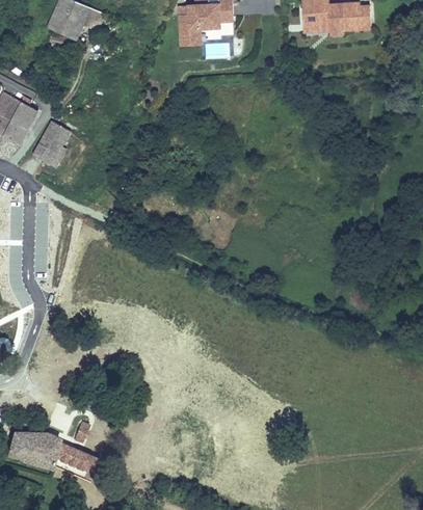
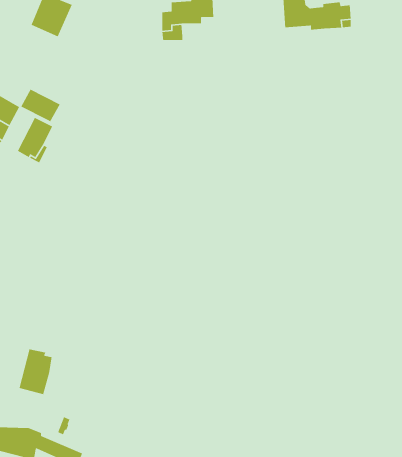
building: none -> [20,89,61,122]
building: none -> [19,348,53,395]

